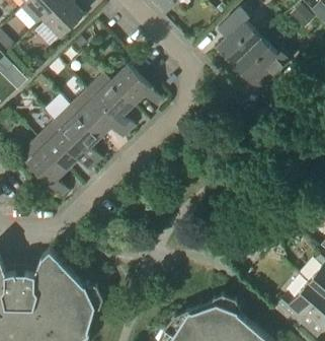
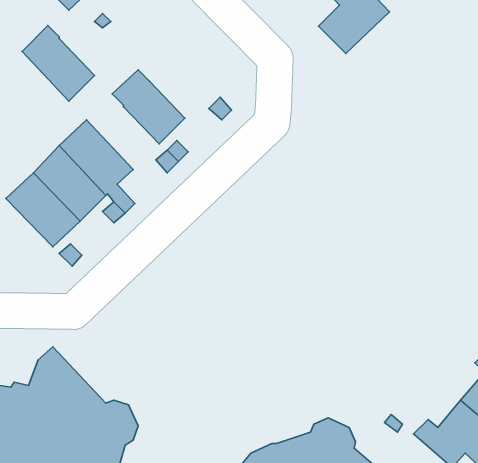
building: [235,37,292,89] -> none
building: [111,63,152,104] -> none
building: [72,88,117,136] -> [22,26,95,101]

